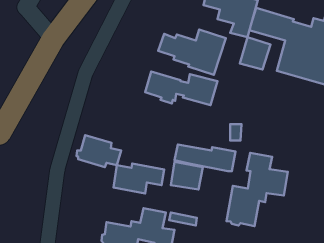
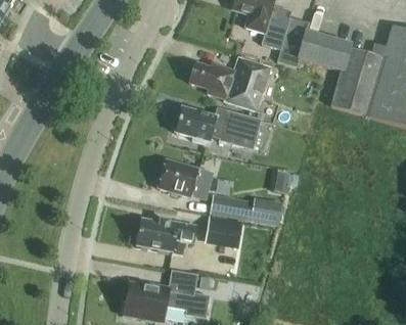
building: [240,37,270,70] -> none
building: [76,135,121,167] -> [156,158,210,196]
building: [226,153,288,226] -> none

